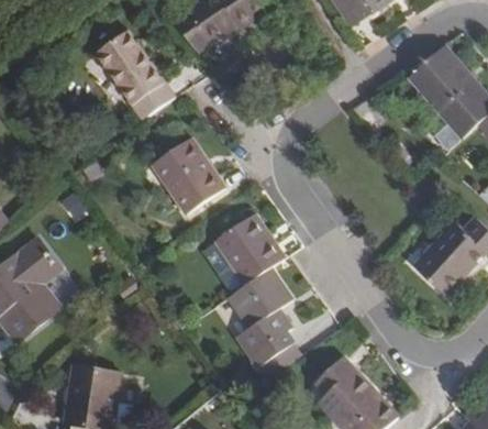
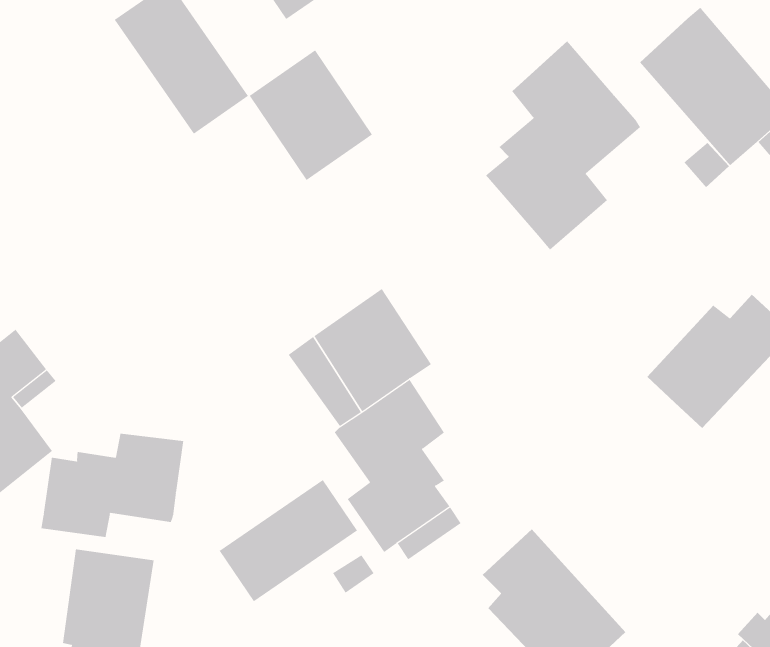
building: none -> [485,41,641,250]
building: [152,135,225,213] -> [249,50,373,181]
building: none -> [41,433,184,538]
building: none -> [219,479,358,602]

